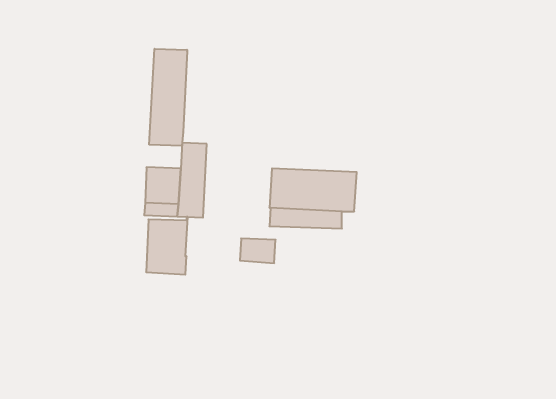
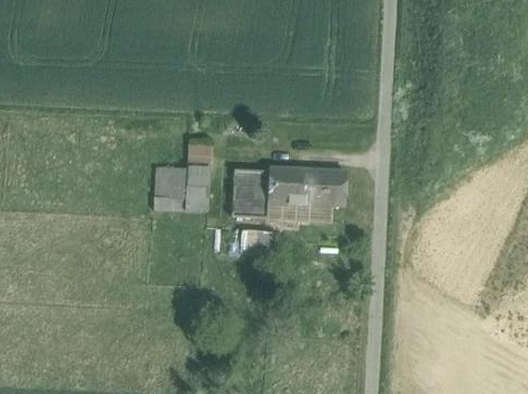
building: [149,49,187,146] -> none
building: [146,217,188,275] -> [231,166,269,218]

